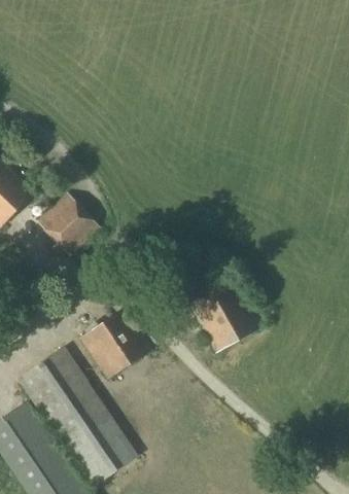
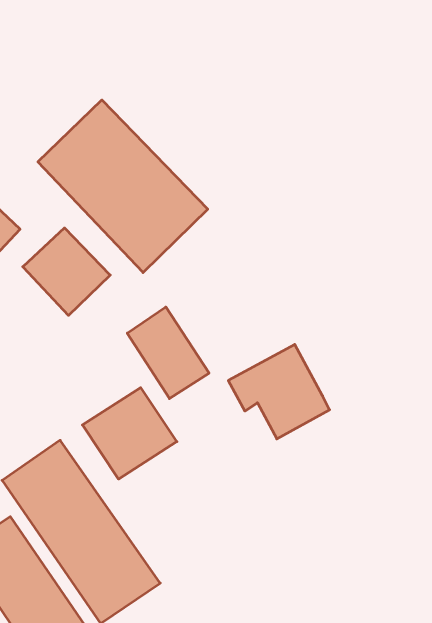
building: none -> [38,100,208,273]
building: none -> [127,307,209,399]

